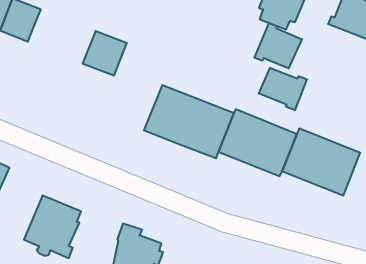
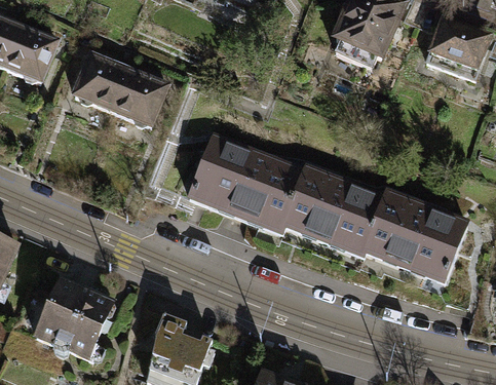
building: none -> [75,55,127,111]
building: [255,23,302,69] -> none
building: [259,68,307,110] -> none

